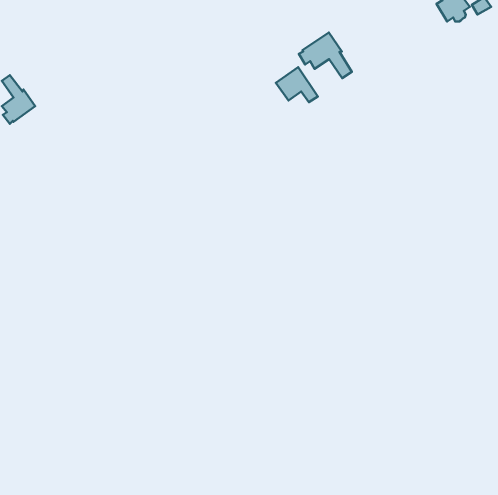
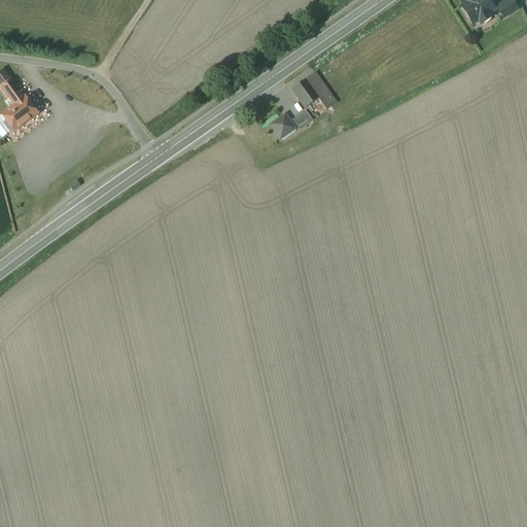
building: [299,33,352,78] -> none
building: none -> [267,108,311,140]

